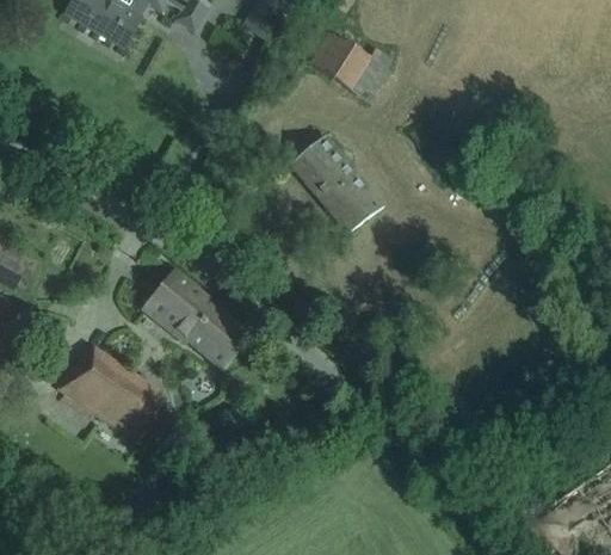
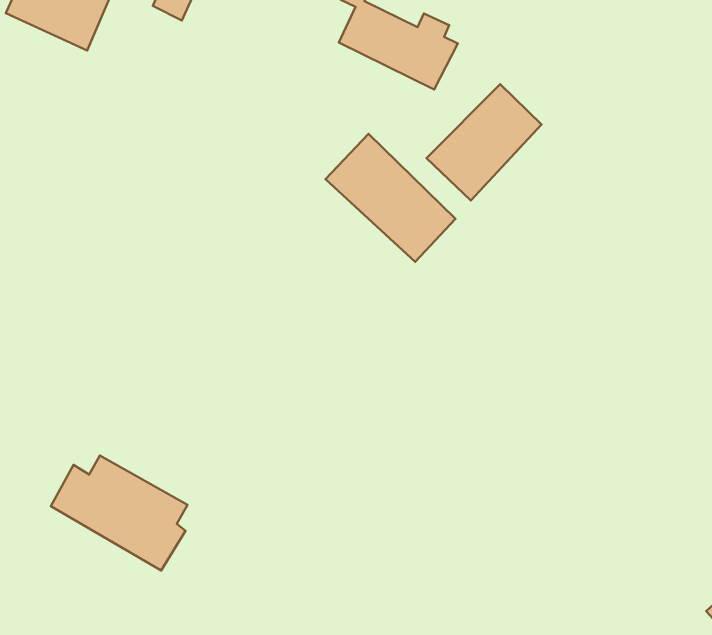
building: none -> [426,84,542,201]
building: [144,270,252,368] -> none

